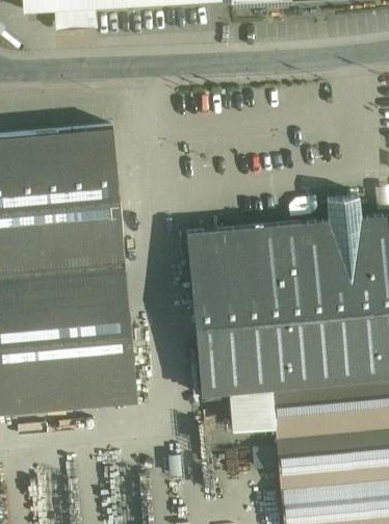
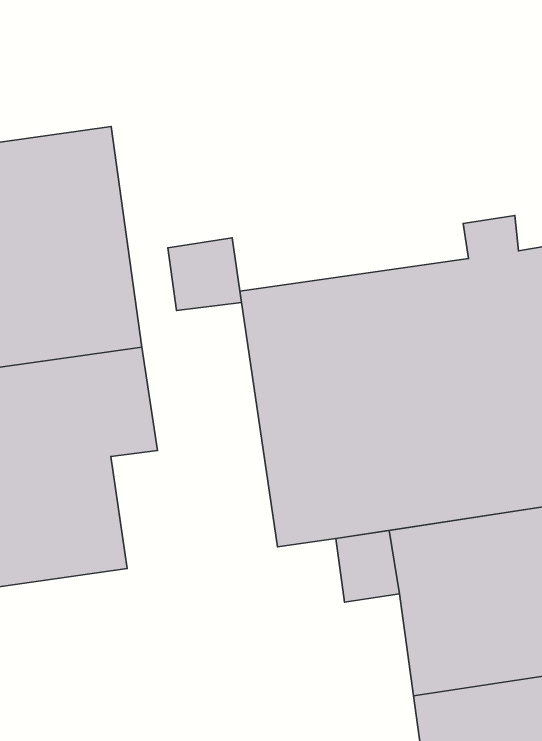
building: none -> [168,238,241,311]
building: [101,329,136,400] -> none

